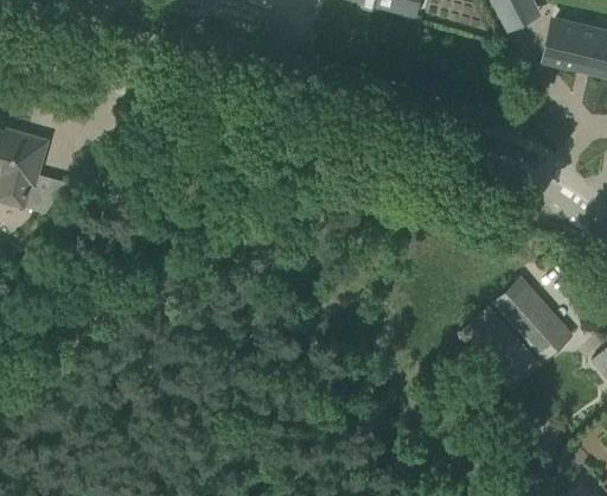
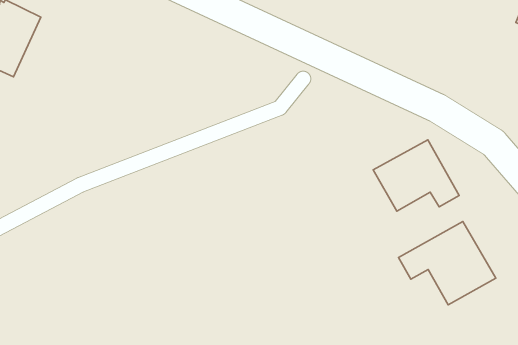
building: none -> [373,140,459,211]

